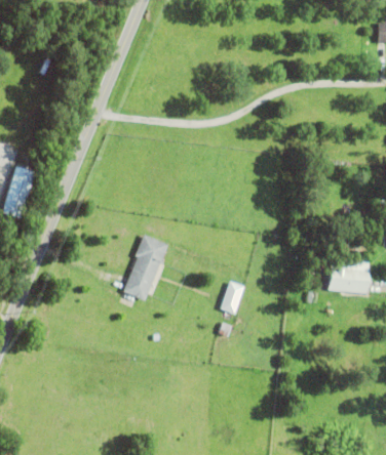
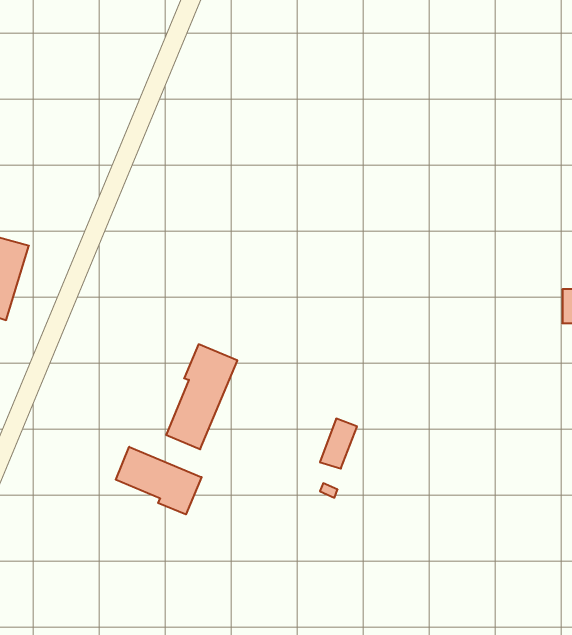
building: [327,265,369,292] -> none
building: none -> [116,447,202,514]

